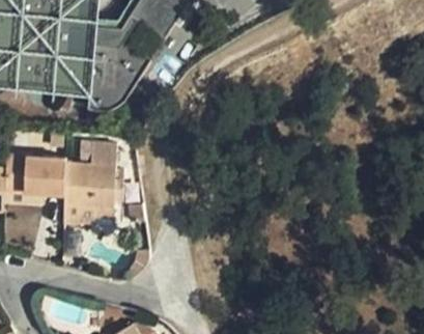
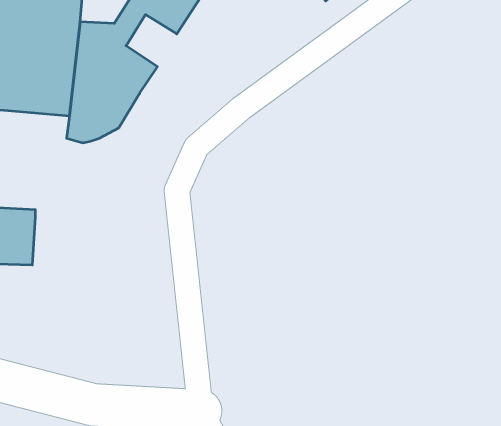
building: [62,142,116,225] -> none

